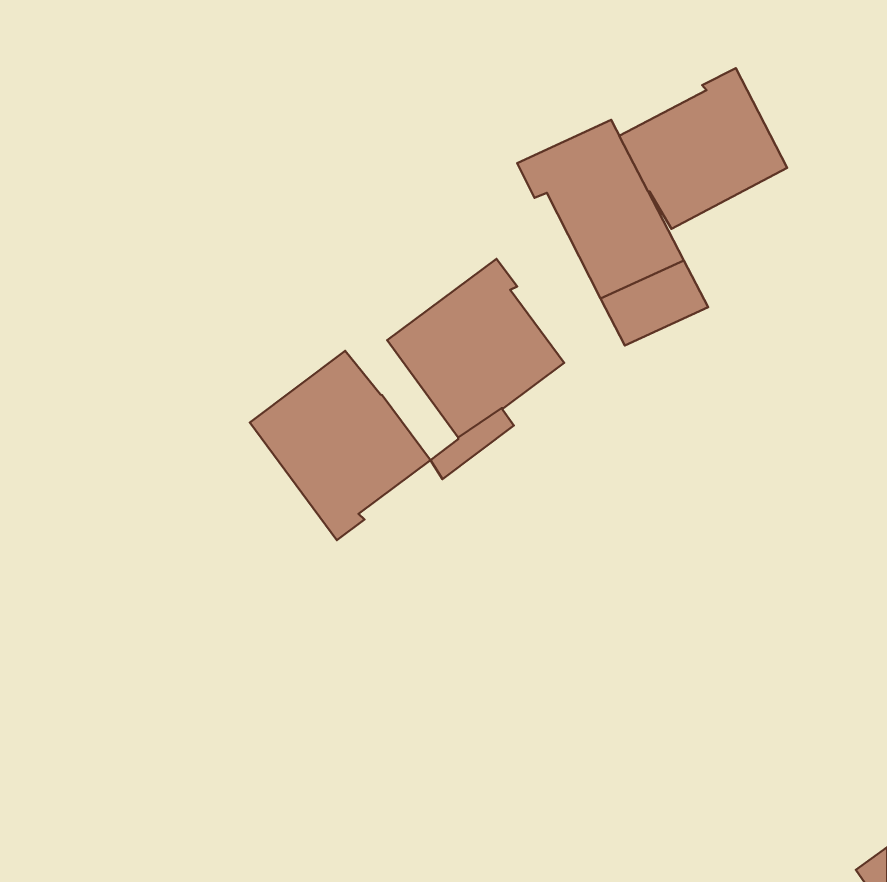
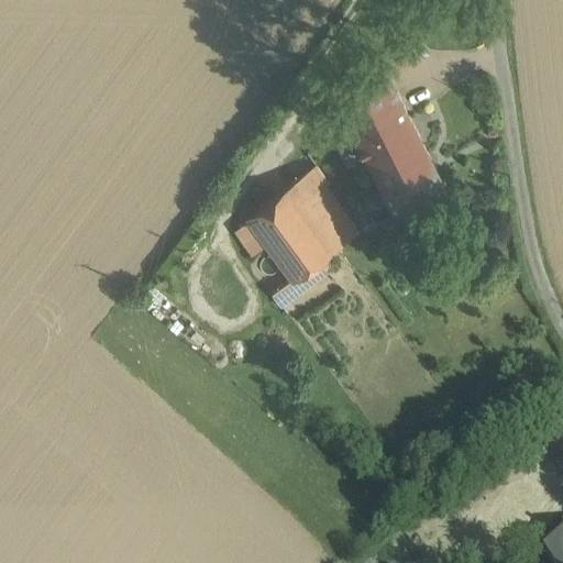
building: [619,68,787,229] -> none
building: [250,351,430,540] -> none

